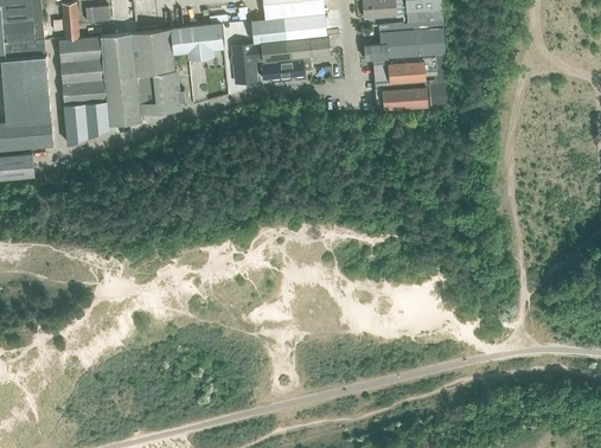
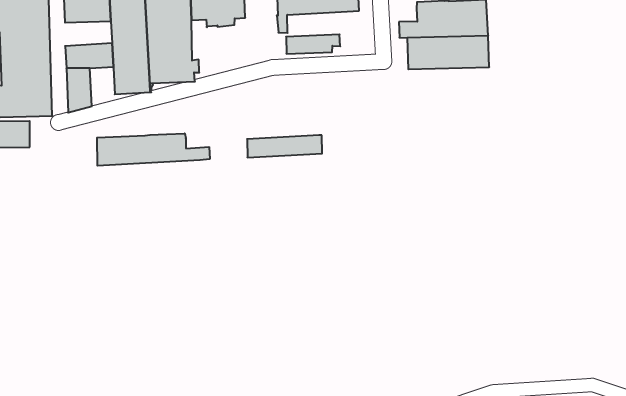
building: [262,37,331,60] -> [247,135,322,157]
building: [232,44,257,83] -> none
building: [60,58,104,83] -> none
building: [375,82,449,110] -> none
building: [85,100,109,136] -> none
building: none -> [97,133,210,166]

